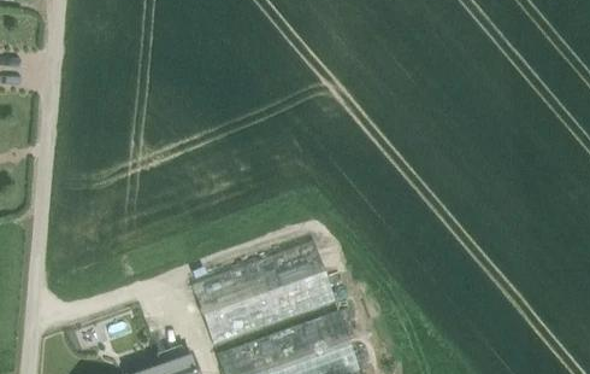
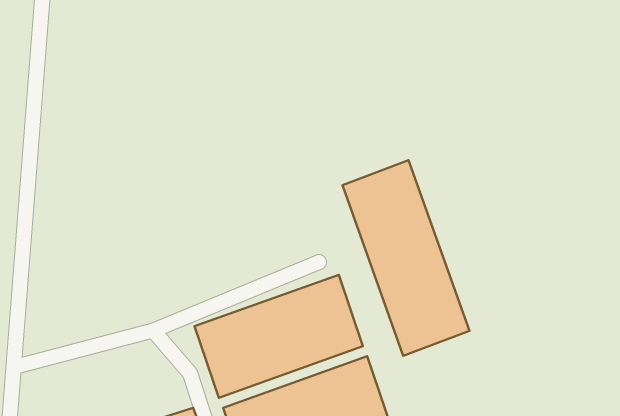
building: none -> [342,160,469,356]

